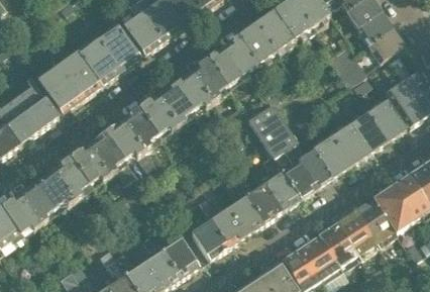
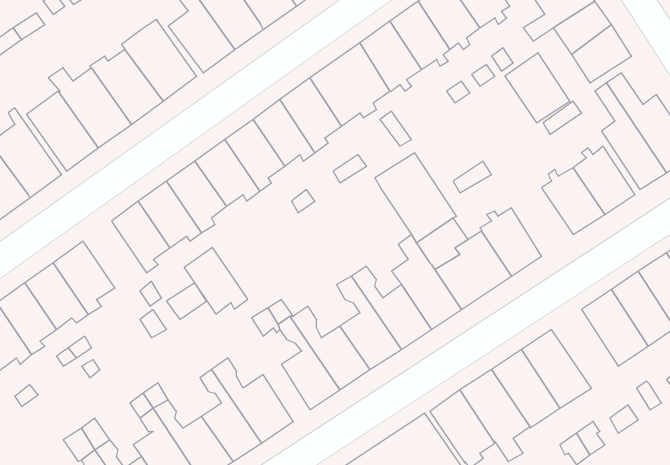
building: [330,123,367,165] -> none
building: [71,143,109,184] -> [184,247,248,314]
building: [354,197,396,245] -> none

